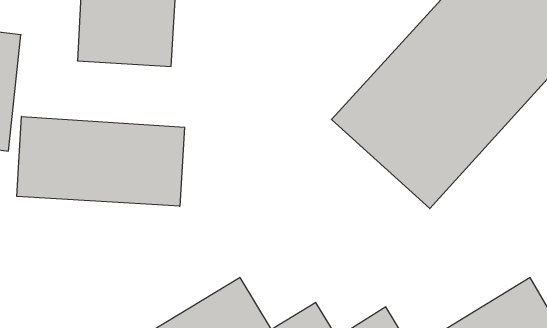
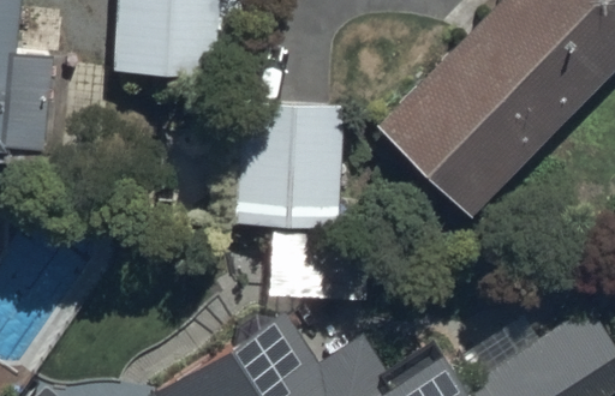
building: none -> [233,100,344,229]
building: [17,116,185,206] -> none

